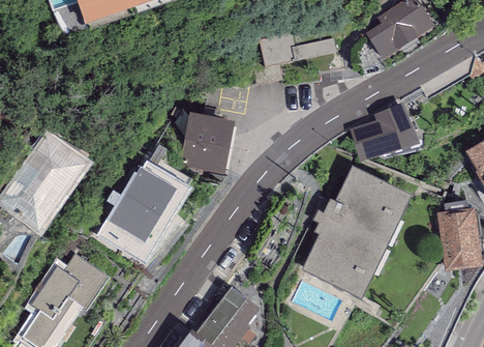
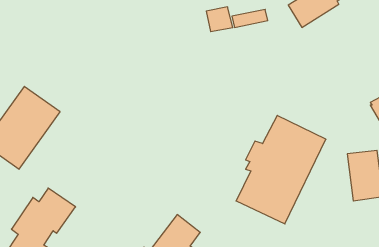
building: [351,102,419,161] -> none
building: [190,115,235,176] -> none
building: [97,160,192,263] -> none

